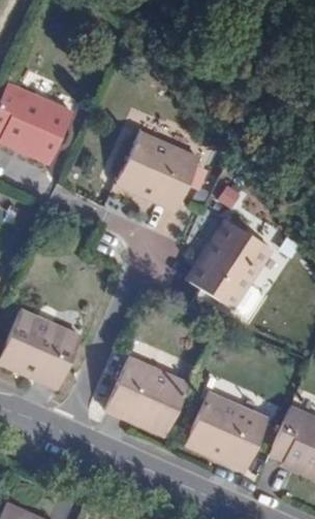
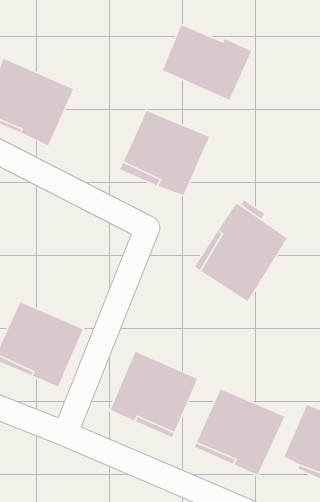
building: none -> [162,24,252,101]

